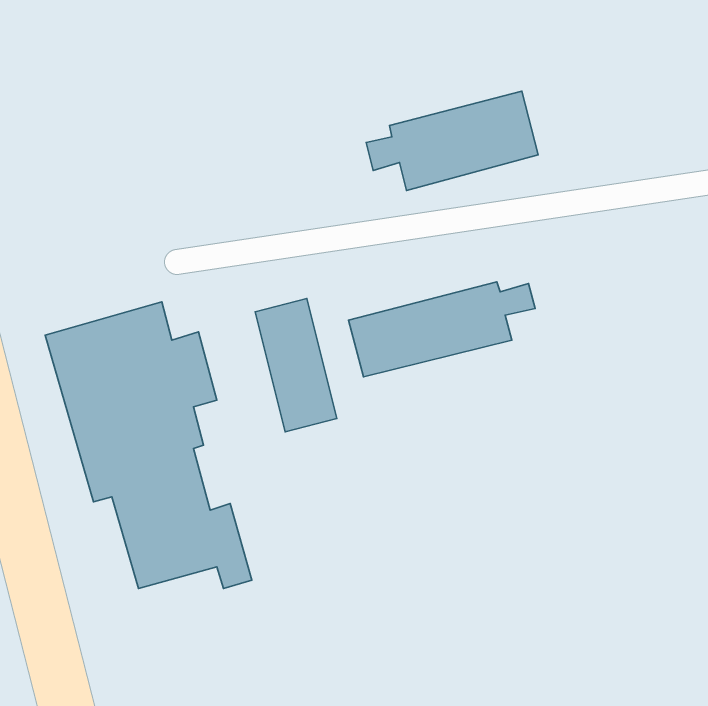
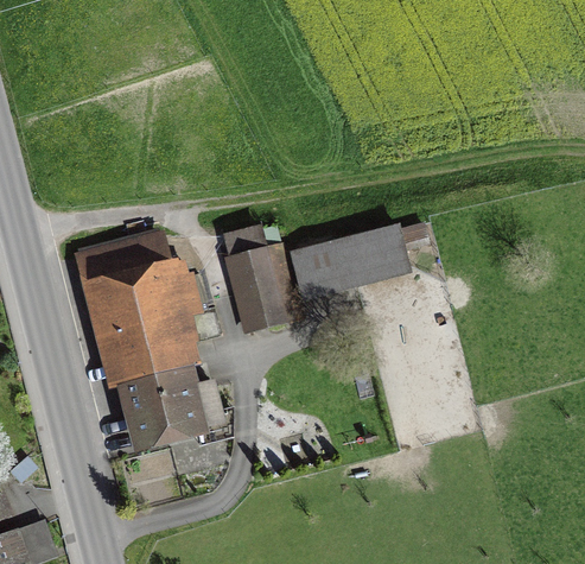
building: [366,91,538,191] -> none

